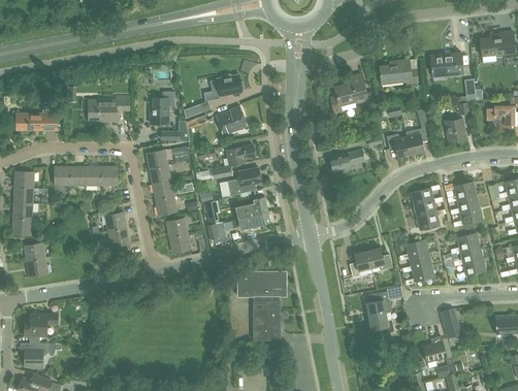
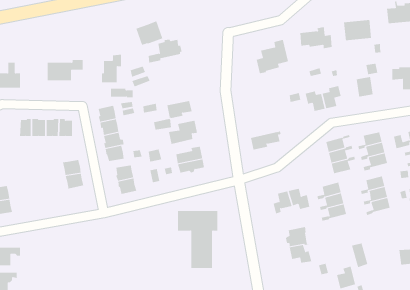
building: [216,105,248,134] -> [135,21,163,46]
building: [329,149,365,171] -> [250,131,281,150]

